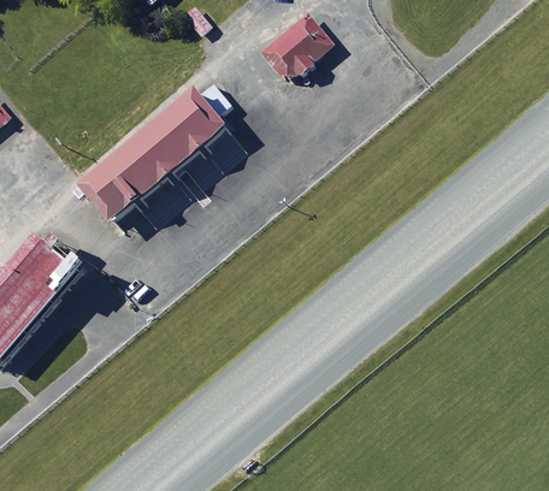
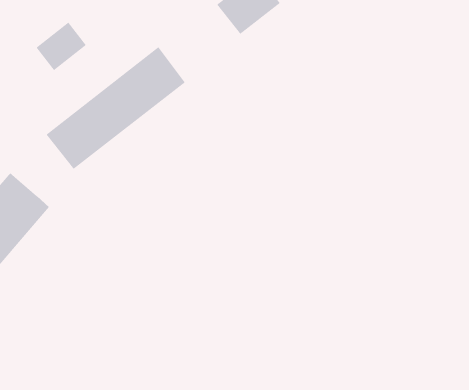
building: none -> [35,22,87,71]

